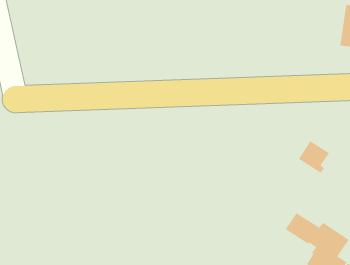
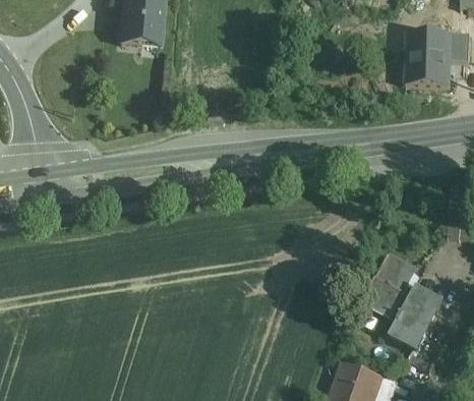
building: [298,140,330,174] -> [375,253,411,290]

